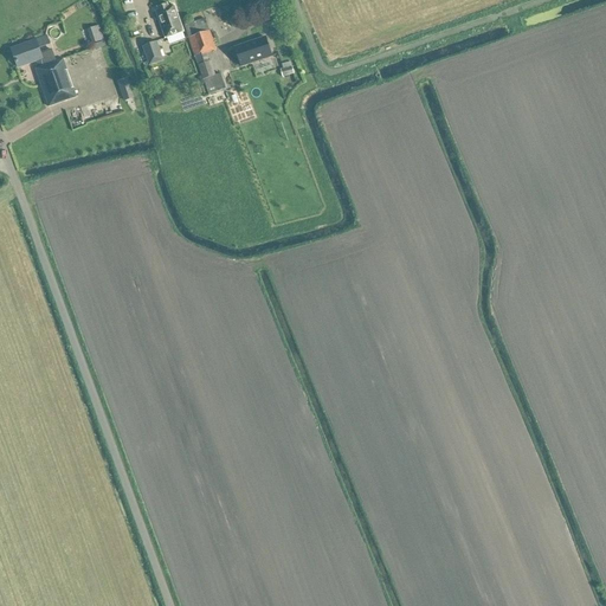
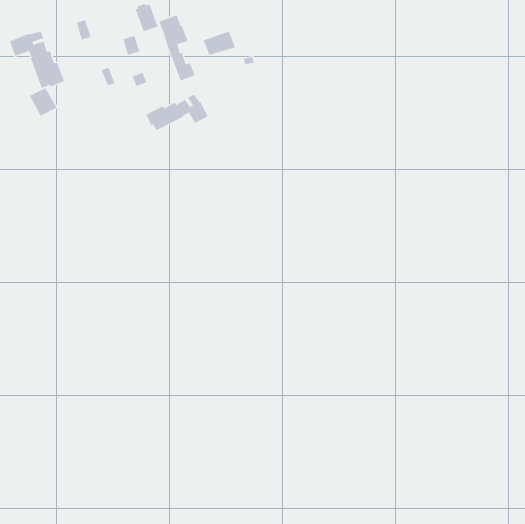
building: none -> [29,88,58,117]
building: none -> [145,94,208,131]

